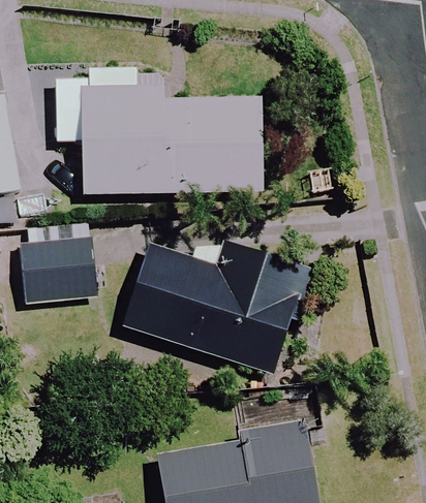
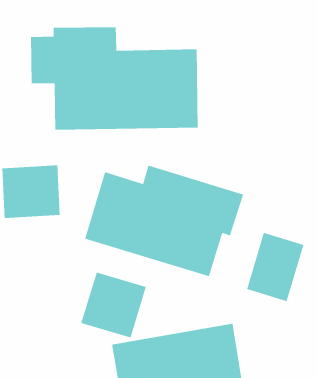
building: none -> [246,232,304,302]
building: none -> [80,271,147,338]

